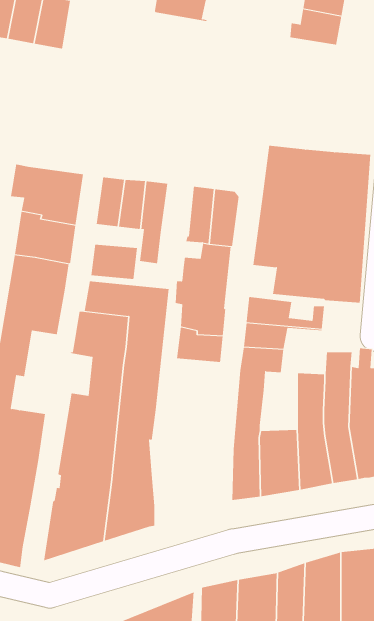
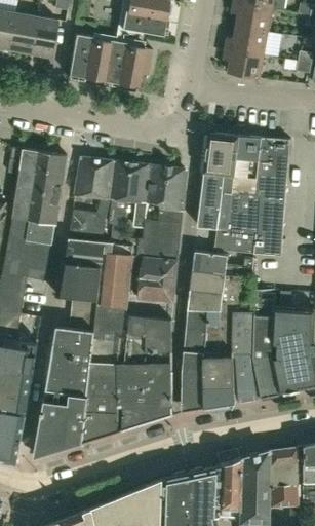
building: none -> [67,35,151,88]
building: none -> [224,49,263,79]
building: none -> [126,163,151,229]
building: none -> [117,316,171,430]

